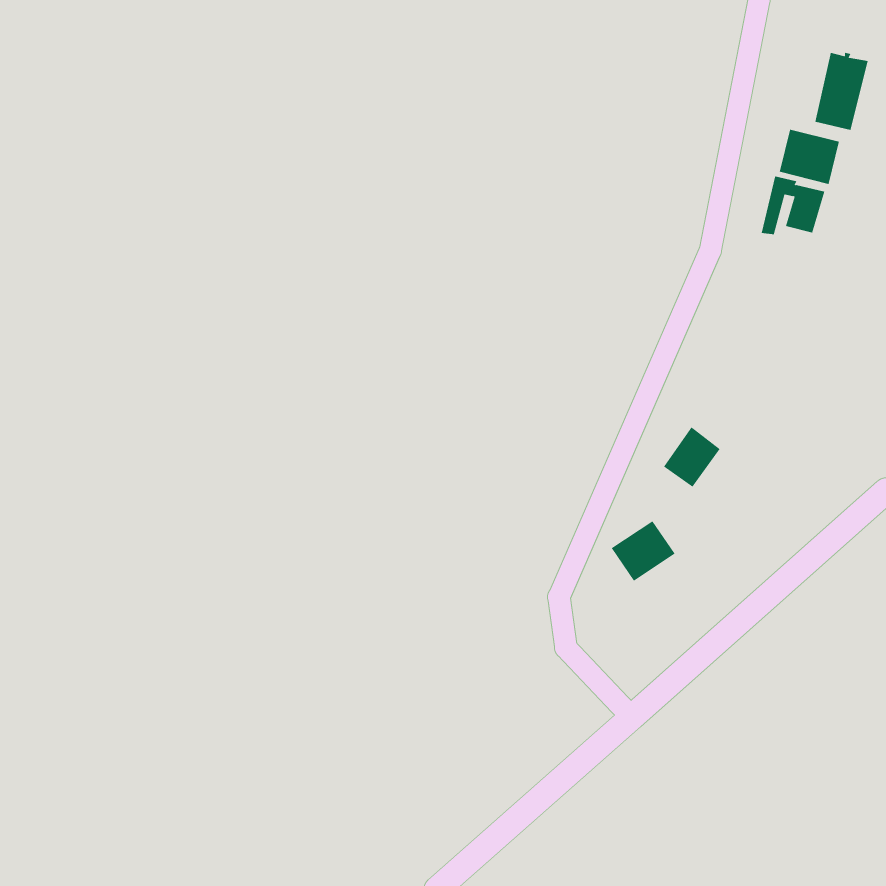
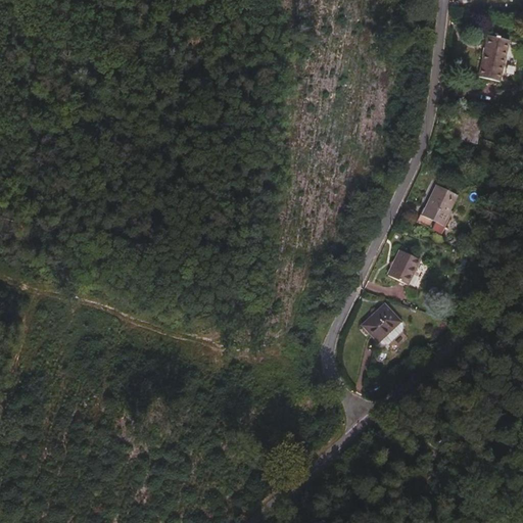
building: [779,129,839,185] -> none
building: none -> [419,185,459,230]

